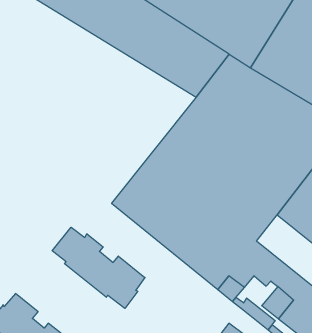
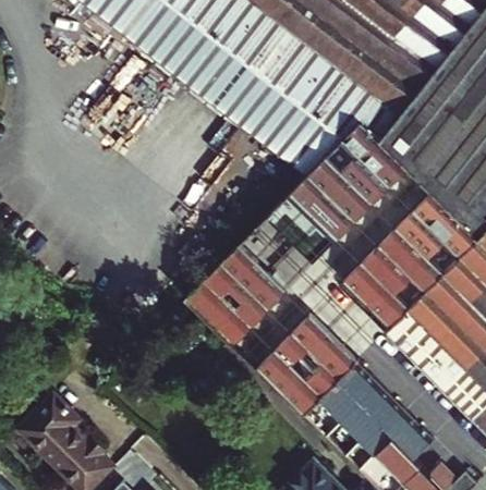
building: [52,227,145,308] -> none

